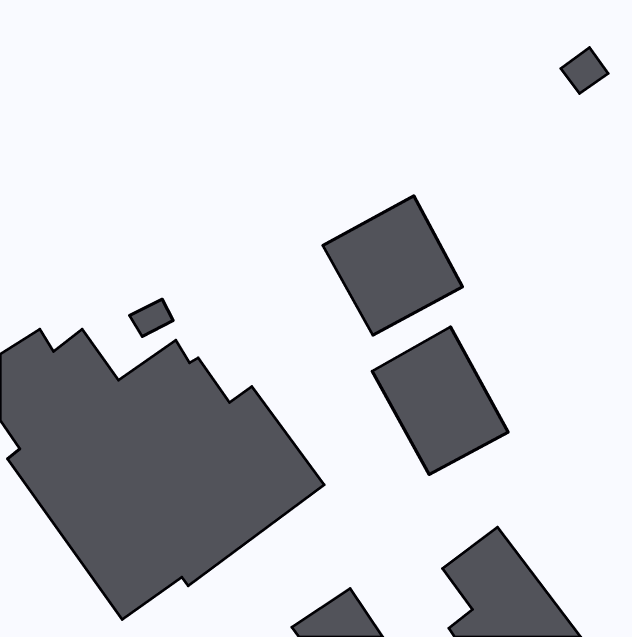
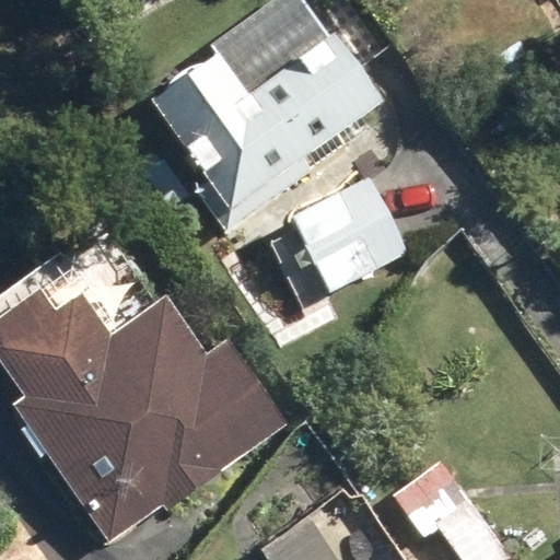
building: none -> [150,34,383,210]
building: [372,327,508,475] -> none

